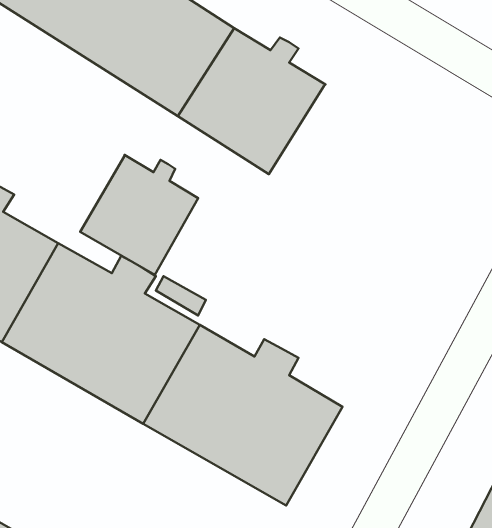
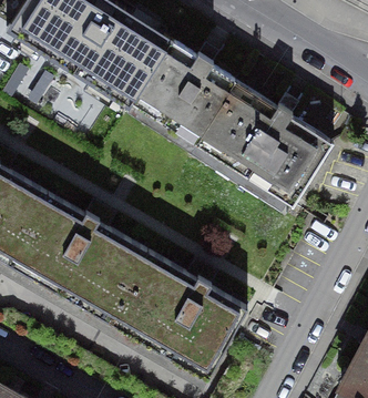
building: none -> [196,80,333,204]
building: [80,155,198,275] -> none

